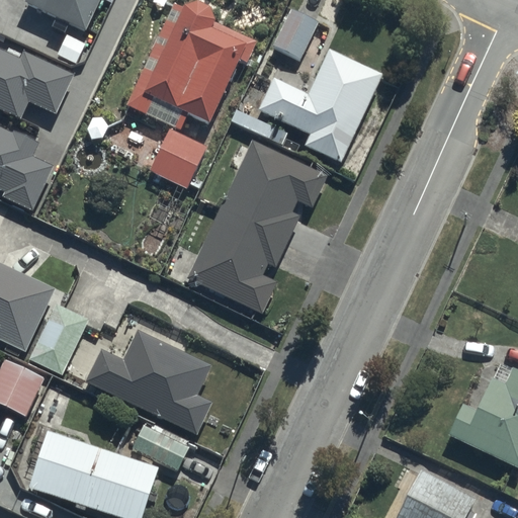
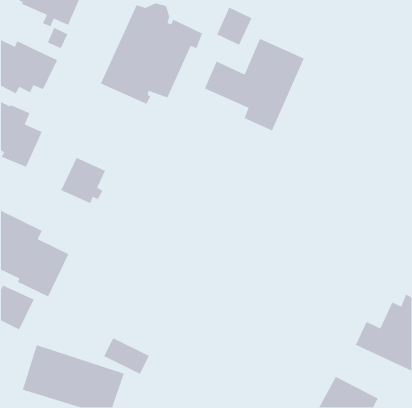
building: [148,130,205,189] -> [60,157,106,204]
building: [185,141,328,315] -> none
building: [78,337,202,423] -> none

